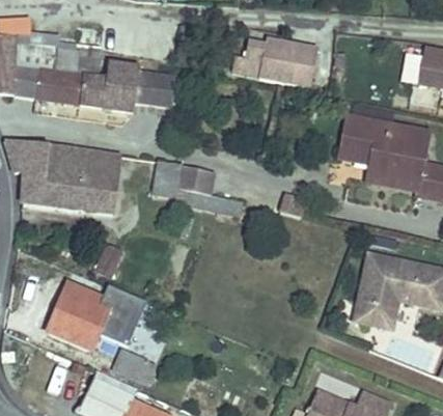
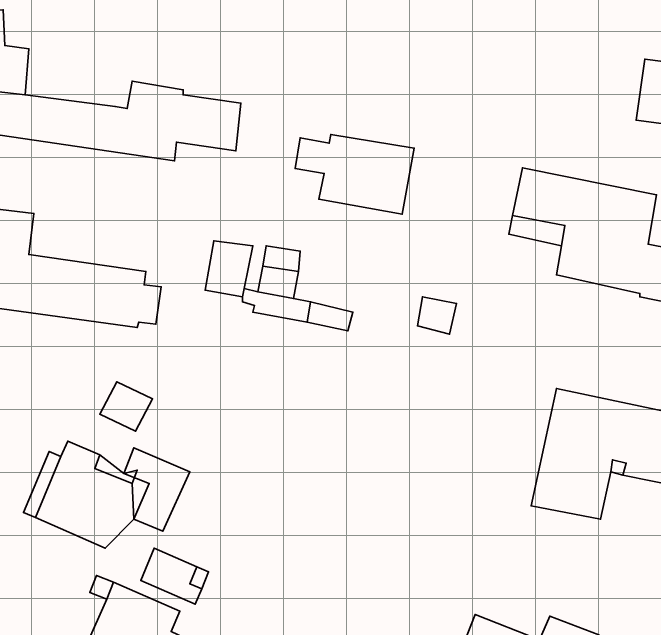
building: [244,37,316,86] -> [295,135,414,214]
building: [43,43,102,78] -> none
building: [45,143,119,178] -> none

